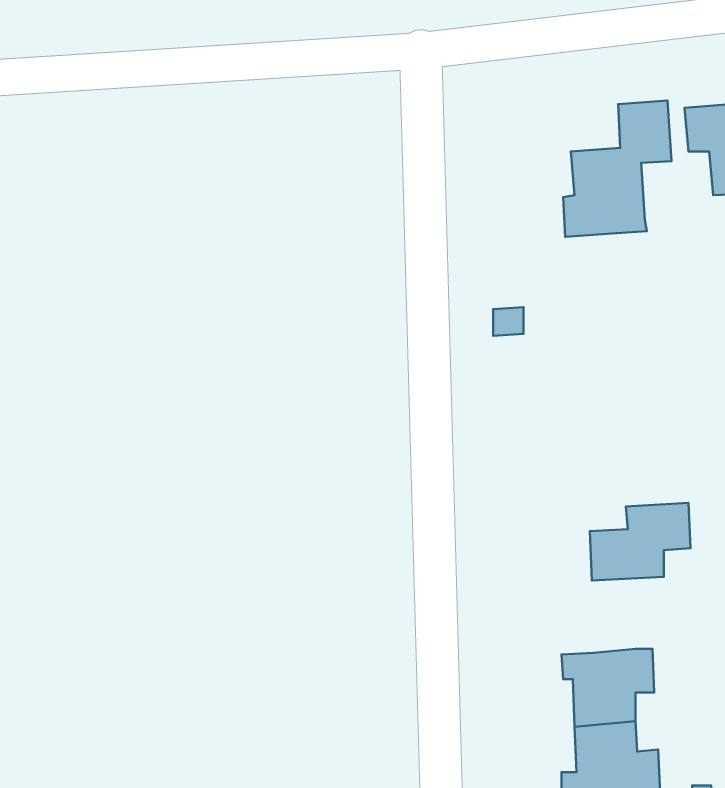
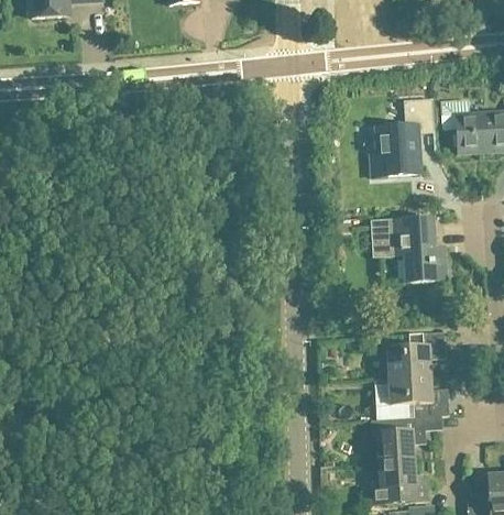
building: none -> [373,217,448,282]
building: none -> [390,373,450,415]

